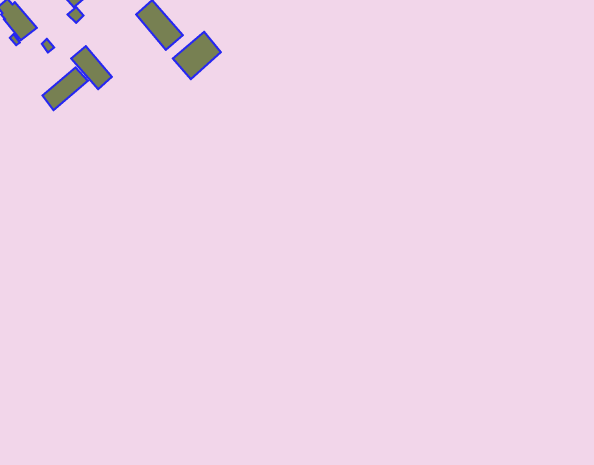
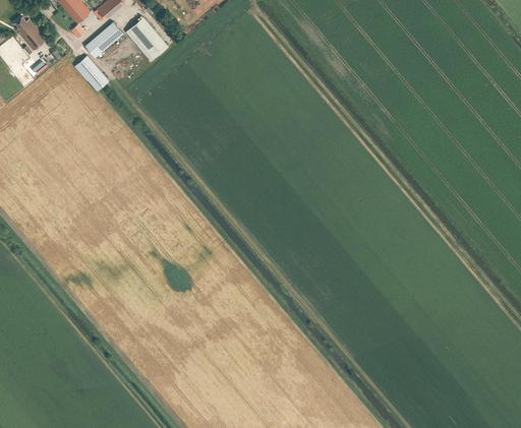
building: [173,32,221,79] -> none
building: [43,67,88,110] -> [85,22,123,58]

